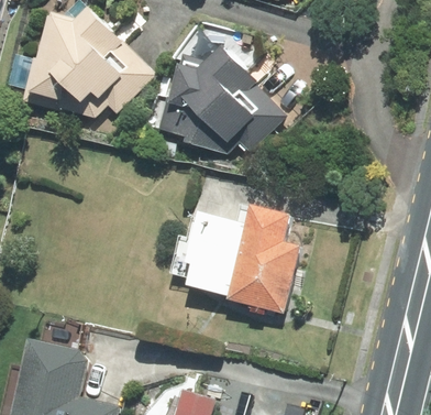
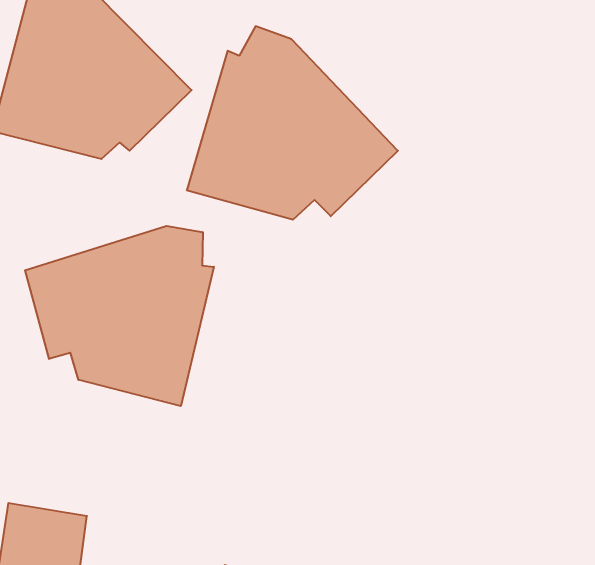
building: none -> [25,226,214,406]
building: [165,206,300,315] -> none

